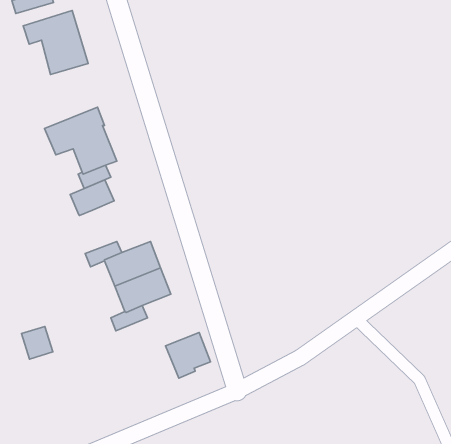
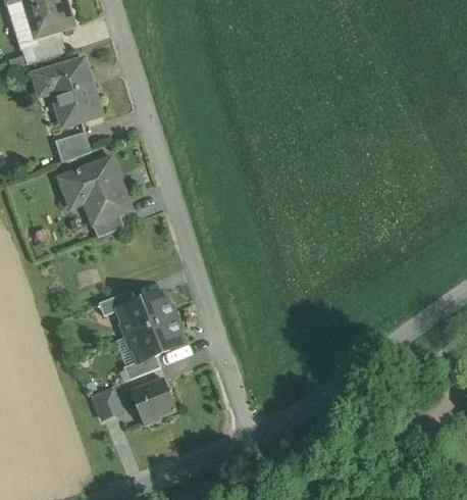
building: none -> [55,130,91,160]
building: [70,180,114,216] -> none
building: [21,326,53,359] -> [91,385,122,417]
building: [166,332,210,378] -> [129,379,174,424]

